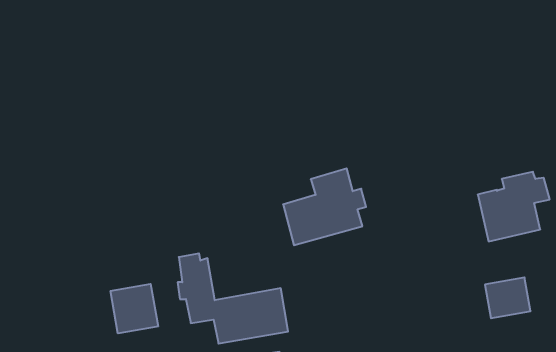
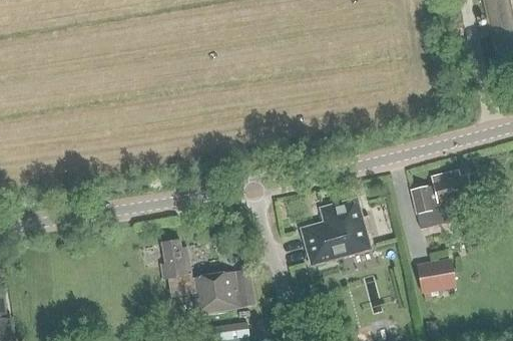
building: [283,168,366,245] -> [303,200,372,264]
building: [111,284,158,333] -> none

